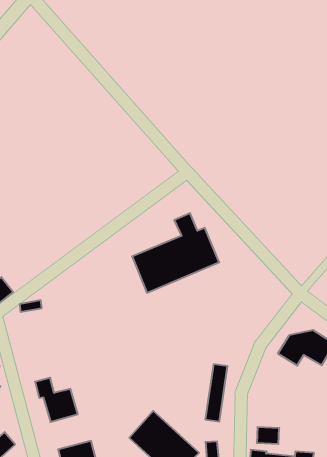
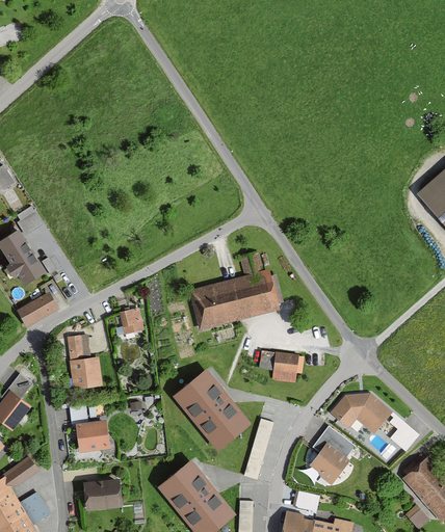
building: none -> [117,308,143,335]
building: none -> [259,352,299,384]
building: none -> [67,336,102,391]
building: none -> [176,366,246,440]
building: none -> [310,427,349,483]

